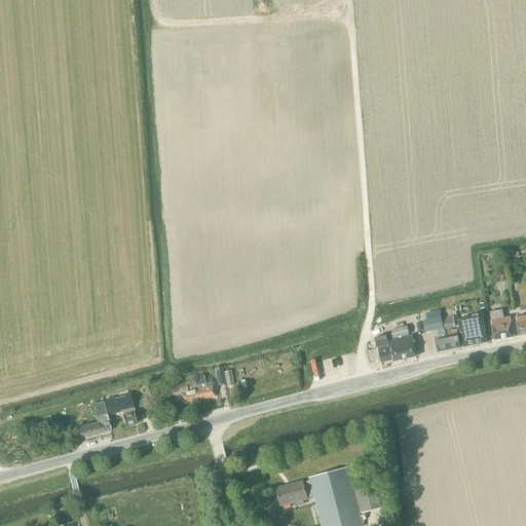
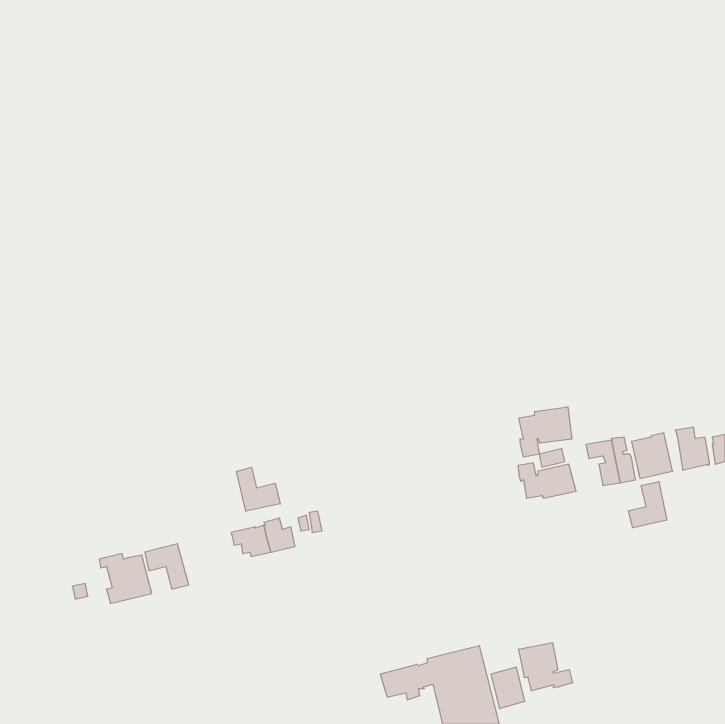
building: none -> [519,407,572,457]
building: none -> [236,467,280,511]
building: none -> [628,481,667,528]
building: none -> [519,643,573,691]

